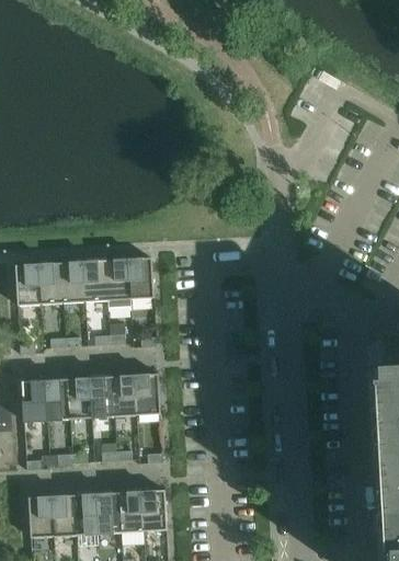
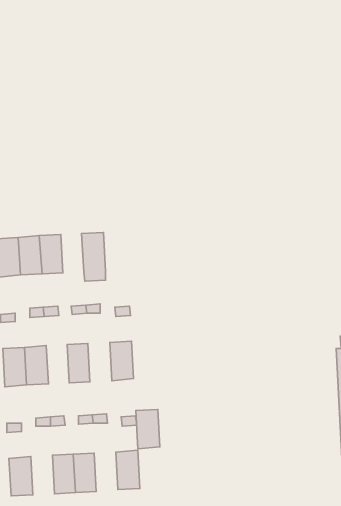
building: [128,257,153,299] -> none
building: [83,260,107,301] -> none
building: [112,375,137,416] -> none
building: [68,377,92,419] -> none
building: [118,491,144,533] -> [136,409,160,449]
building: [52,494,77,536] -> none

